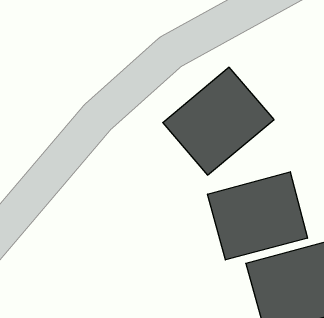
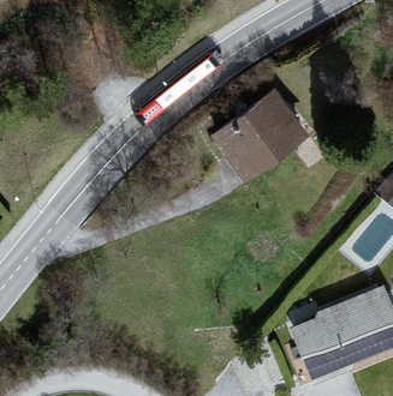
building: [208,172,307,260] -> none

